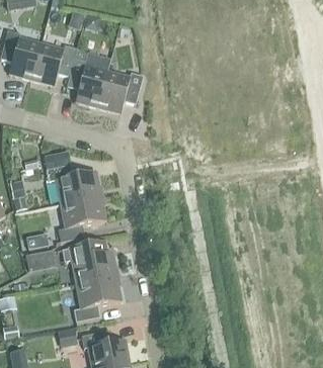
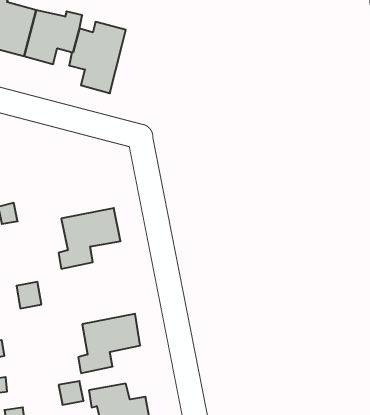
building: [97,70,143,112] -> none
building: [46,163,100,202] -> none
building: [61,240,116,283] -> none

